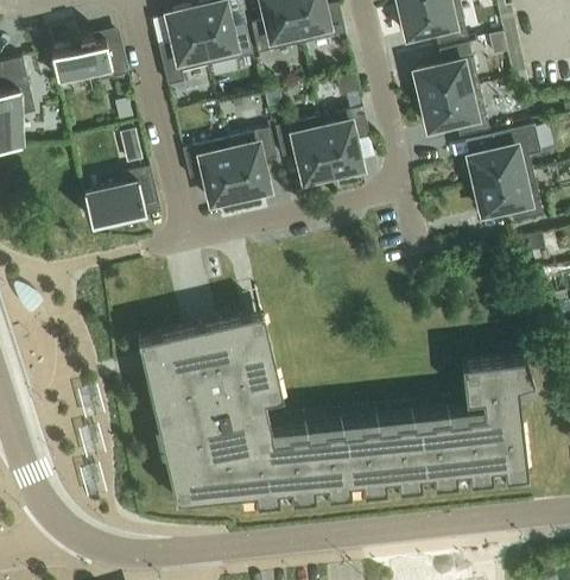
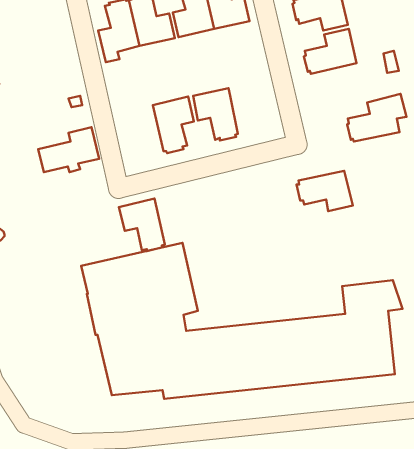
building: [50,30,128,82] -> none
building: [420,87,489,138] -> none
building: [322,107,369,176] -> none
building: [182,139,239,204] -> [119,198,165,251]
building: [473,172,543,222] -> [296,171,353,211]

